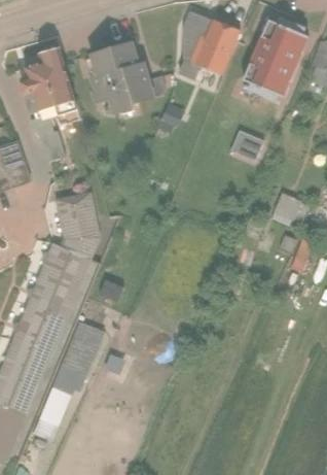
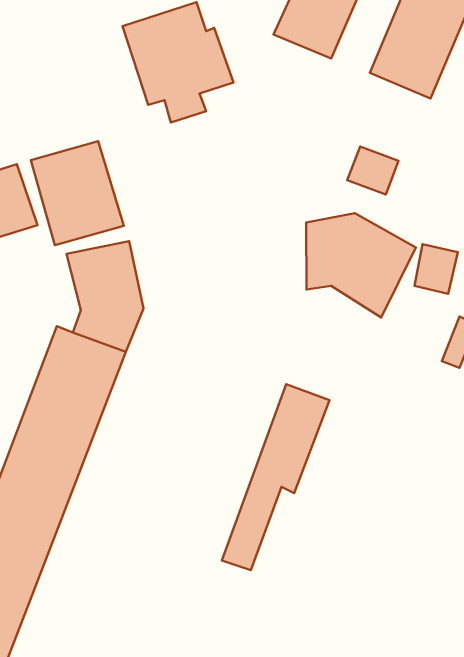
building: [22,50,81,117] -> [31,141,124,245]
building: none -> [306,213,416,317]
building: [36,321,105,441] -> [222,384,329,570]

